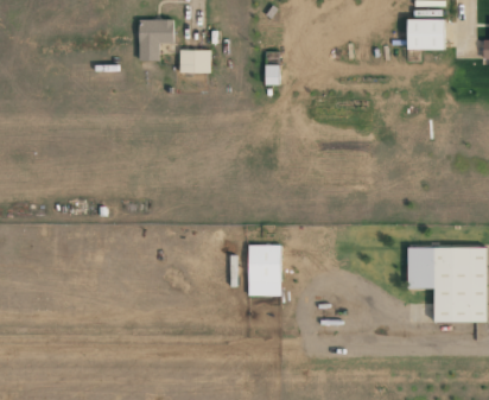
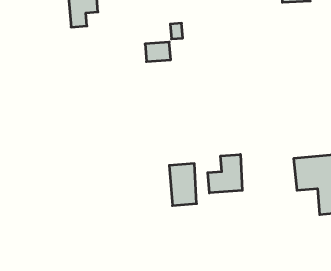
building: [179,50,210,72] -> [145,42,171,62]
building: none -> [208,154,242,193]

